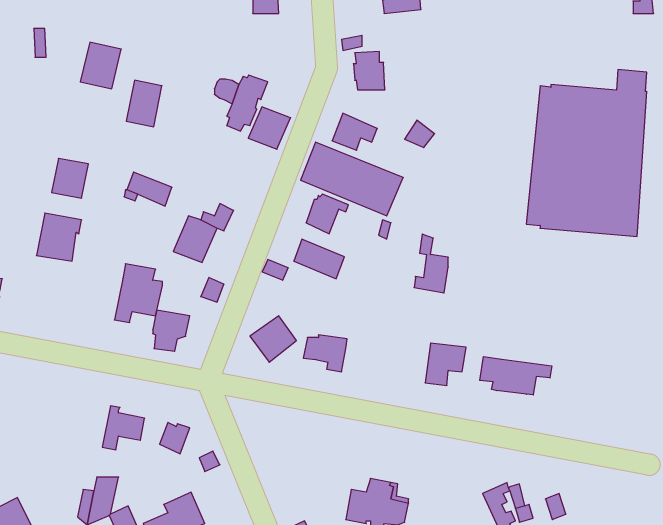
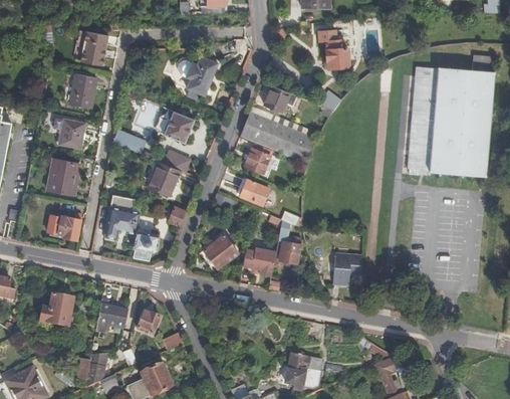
building: [353,52,385,90] -> [325,39,348,67]
building: [126,80,162,127] -> [70,75,96,110]
building: [248,107,291,149] -> [164,111,195,142]
building: [414,234,448,293] -> [274,219,299,262]
building: none -> [47,210,82,239]
building: [480,357,552,395] -> none
building: none -> [40,293,73,327]

